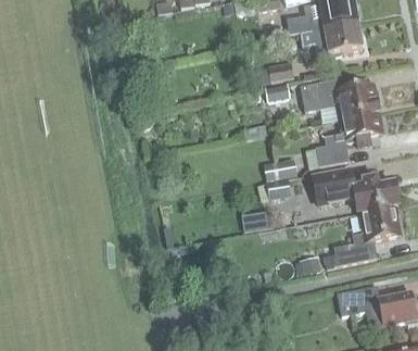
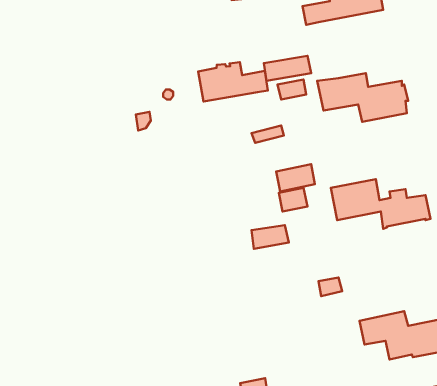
building: [301,22,363,55] -> none
building: none -> [198,62,268,101]
building: [315,112,382,165] -> none
building: [333,204,400,265] -> none

